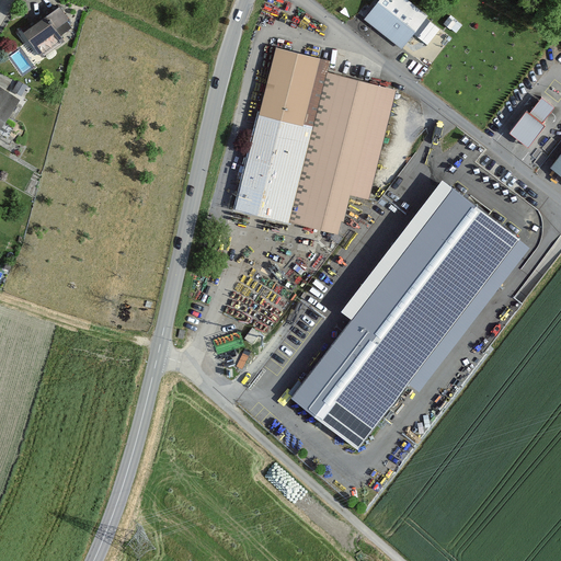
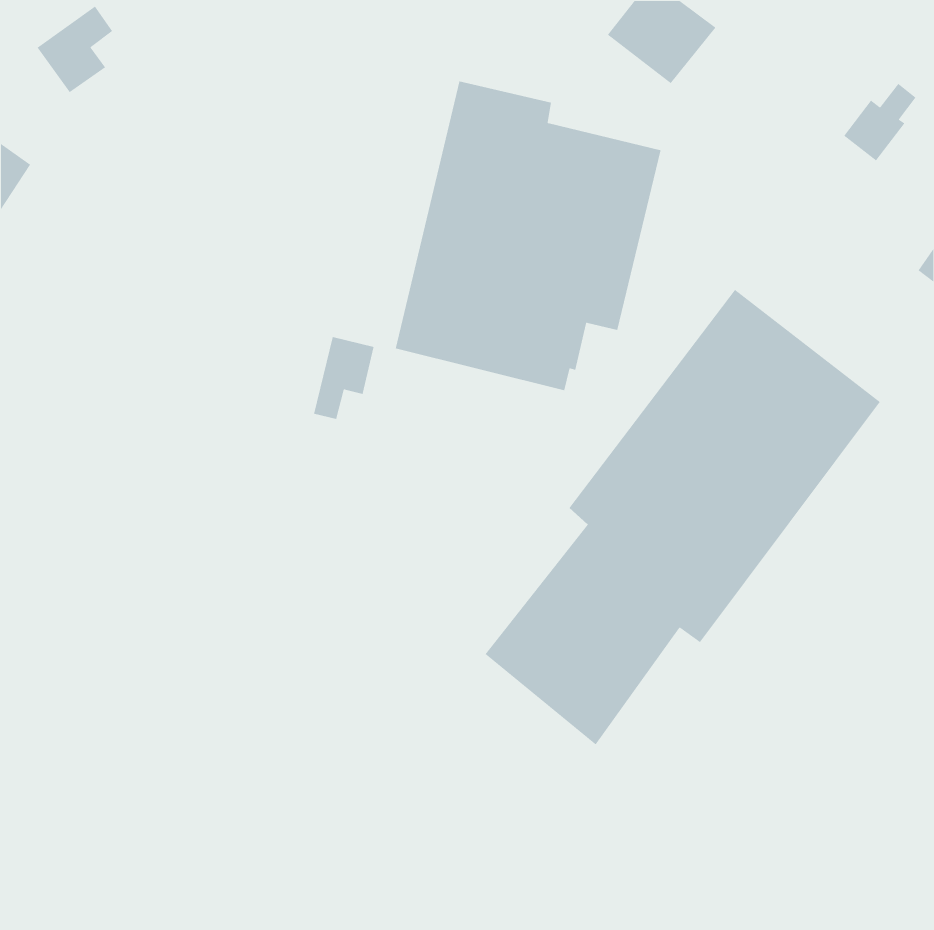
building: [508,98,552,145] -> [843,83,916,161]
building: none -> [313,336,374,420]

